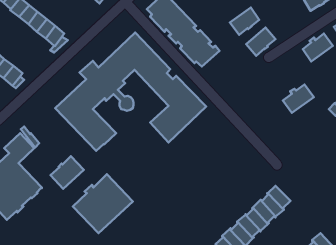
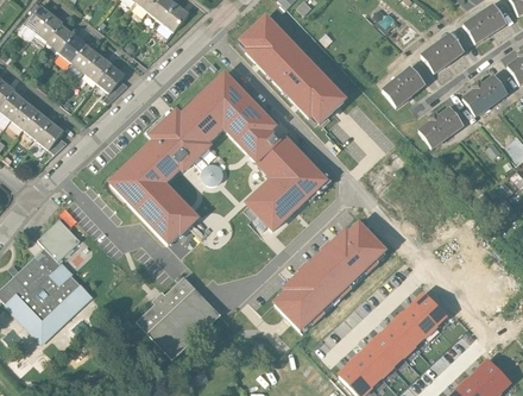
building: [230,7,259,35] -> [421,33,462,73]
building: [283,85,314,113] -> [418,107,462,147]
building: none -> [275,224,385,331]
building: [50,156,84,189] -> none

